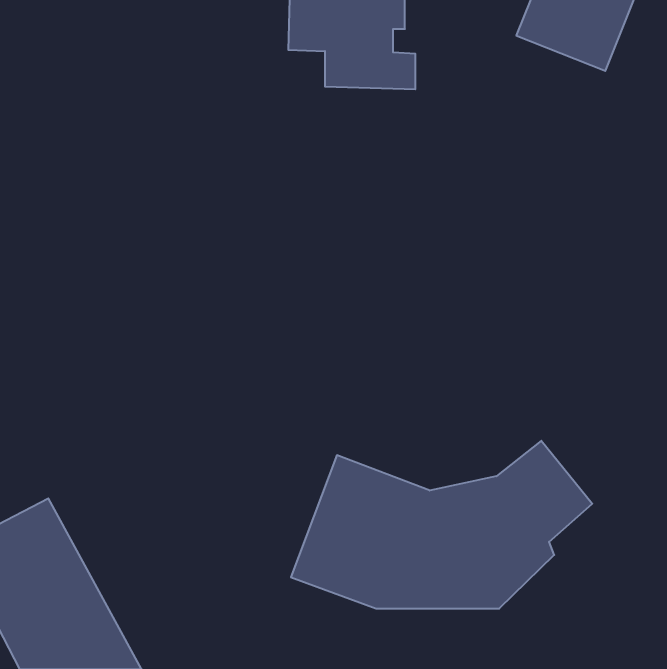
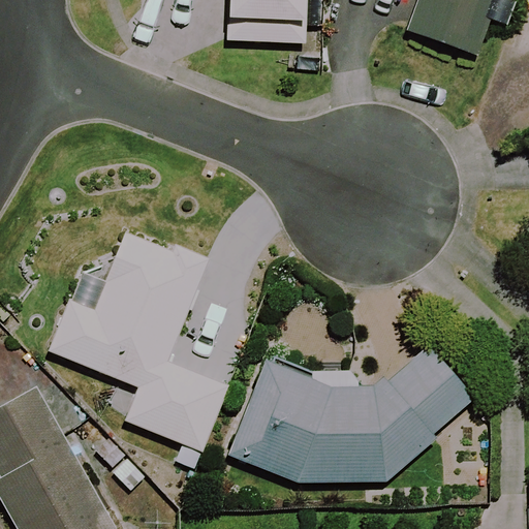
building: none -> [50,229,227,450]

